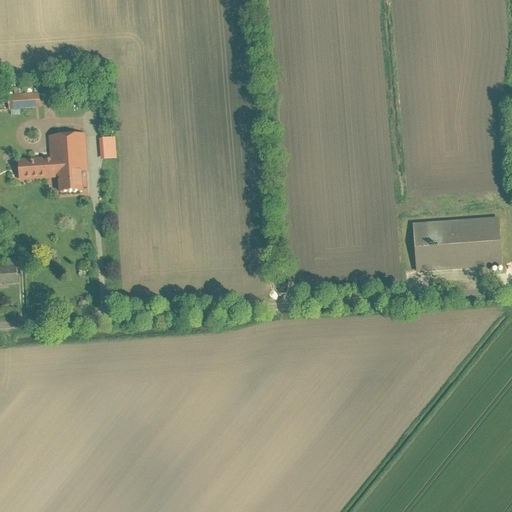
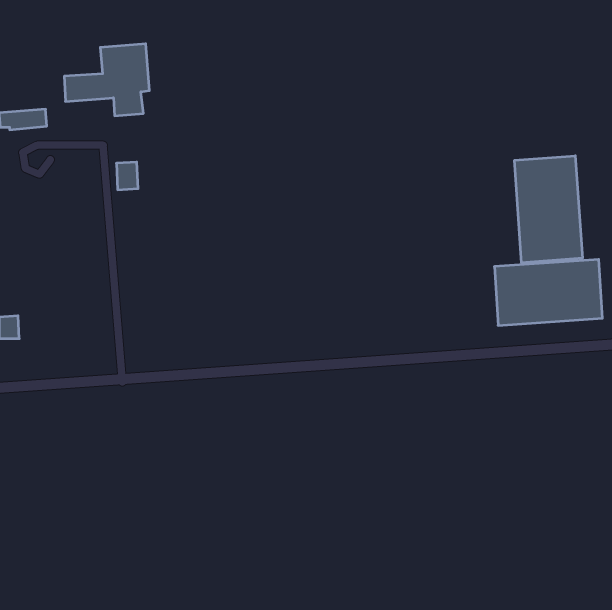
building: none -> [515,156,582,263]
building: [17,131,88,191] -> [64,44,149,116]

